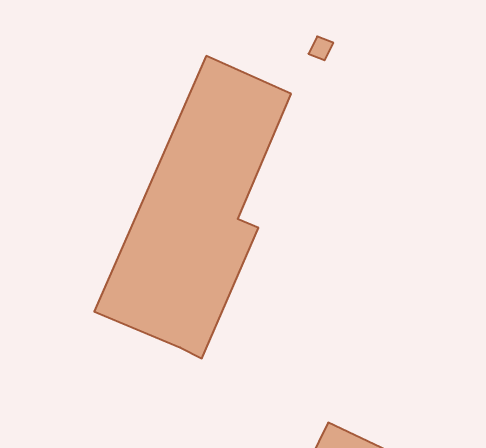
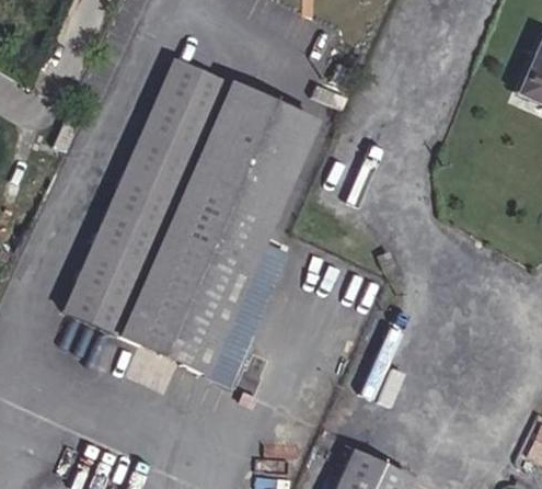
building: none -> [62,56,231,338]

